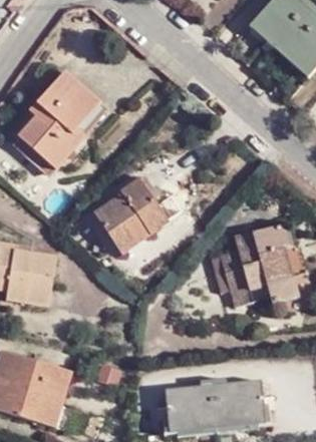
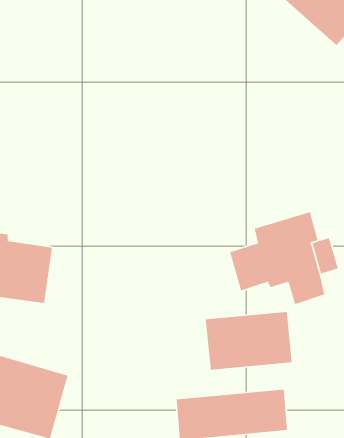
building: [19,71,100,167] -> none
building: [94,176,168,253] -> none
building: none -> [205,311,293,371]

